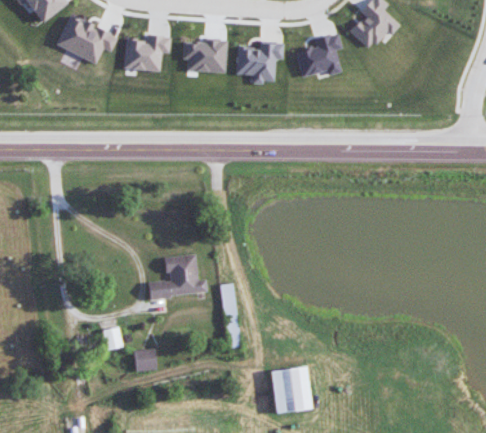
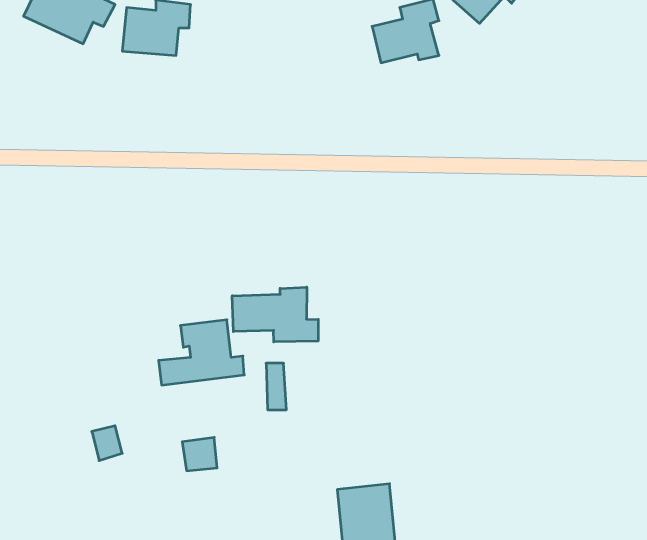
building: [182,40,227,72] -> none
building: [236,41,283,83] -> none
building: none -> [232,287,318,342]
building: [133,348,157,371] -> [182,437,217,471]

